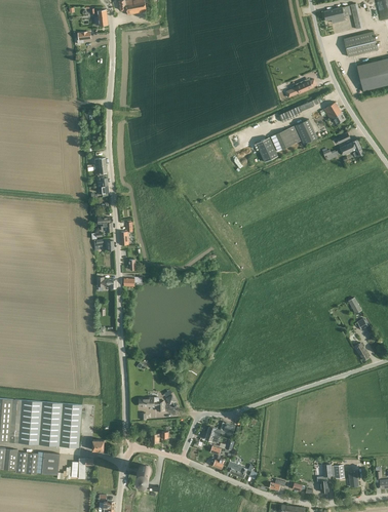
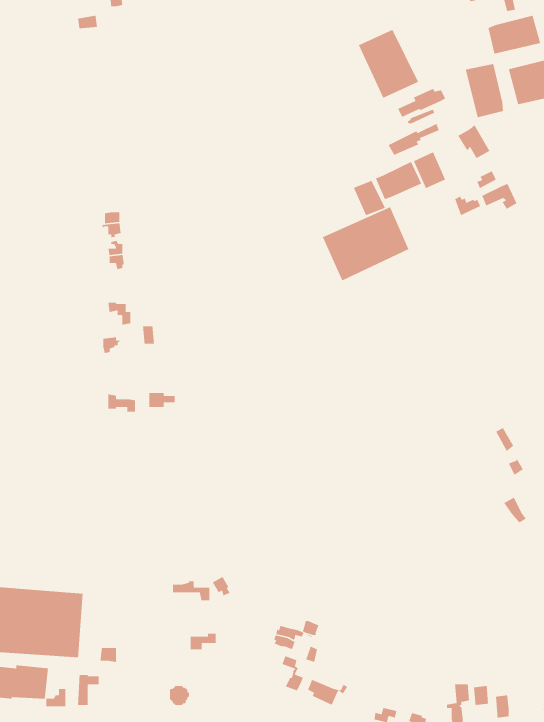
building: none -> [358,29,419,99]
building: none -> [465,63,504,118]
building: none -> [322,206,409,282]

